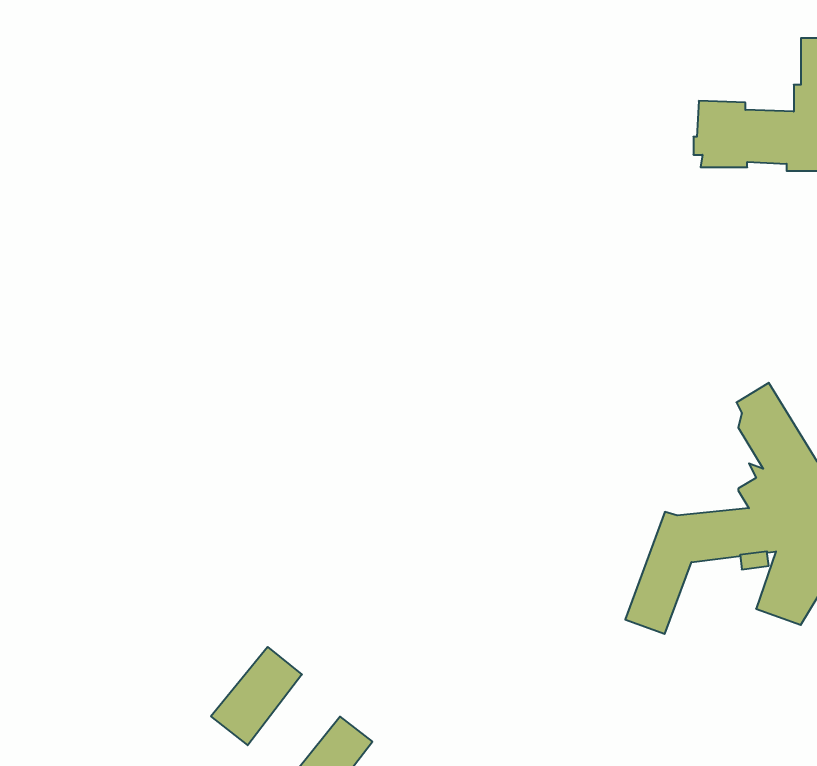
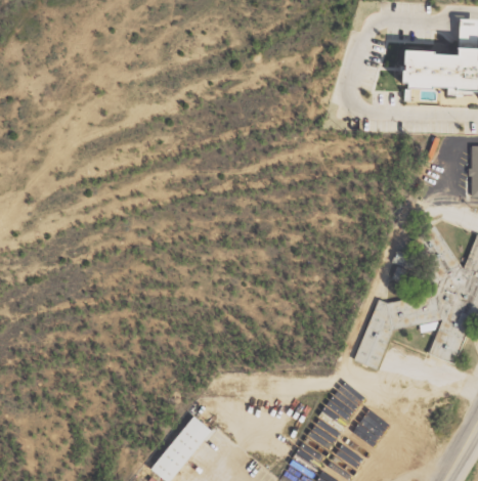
building: [211,647,302,745] -> none

